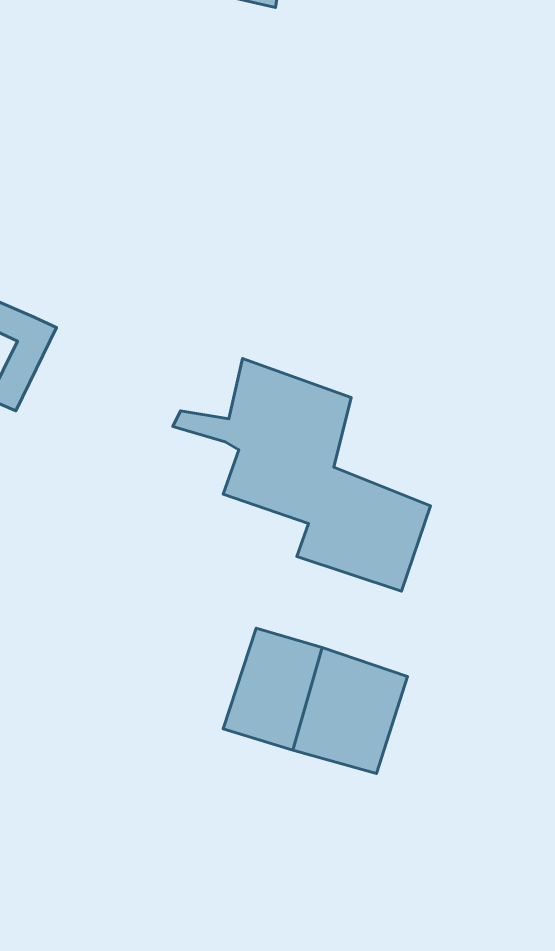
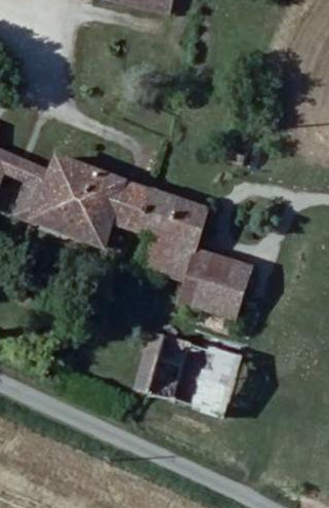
building: none -> [30,159,150,249]

